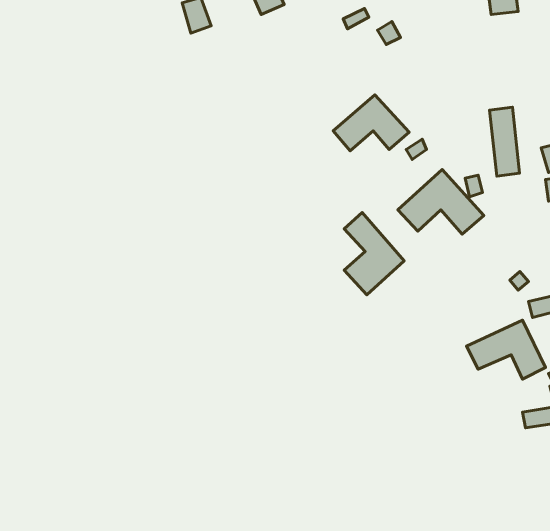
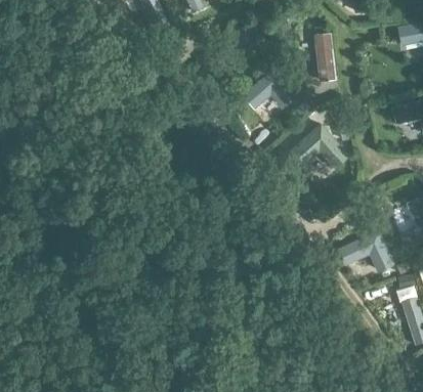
building: [490,107,520,176] -> [313,34,335,83]
building: [344,212,404,295] -> none

